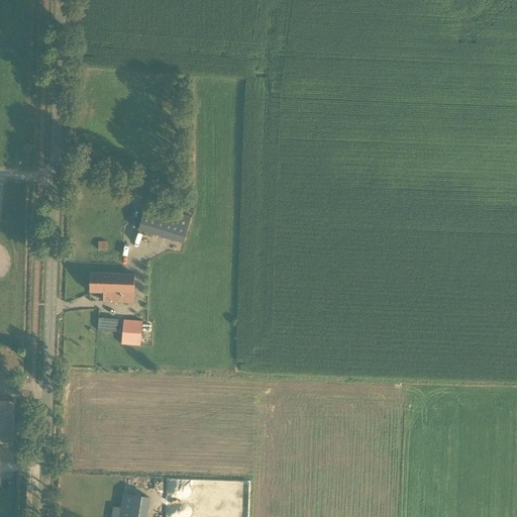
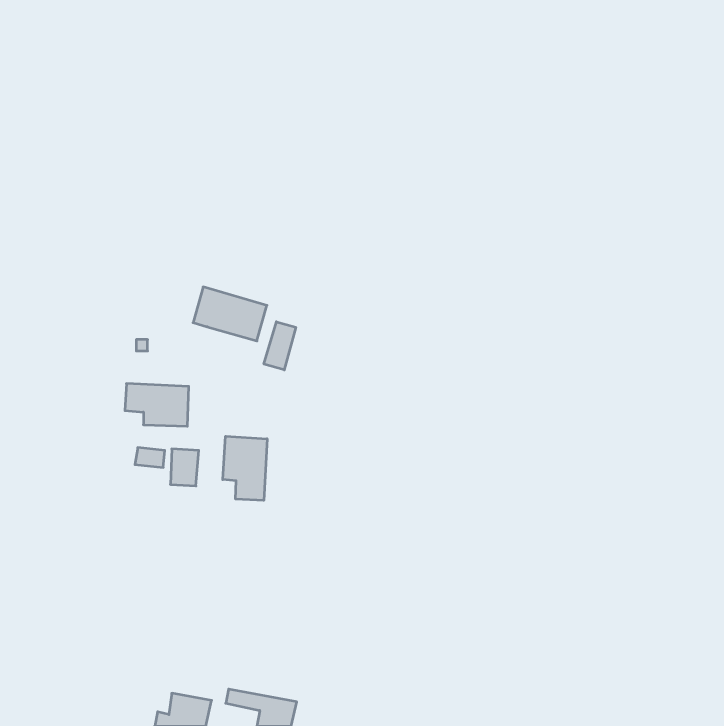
building: none -> [264,322,296,370]
building: none -> [223,436,267,500]

